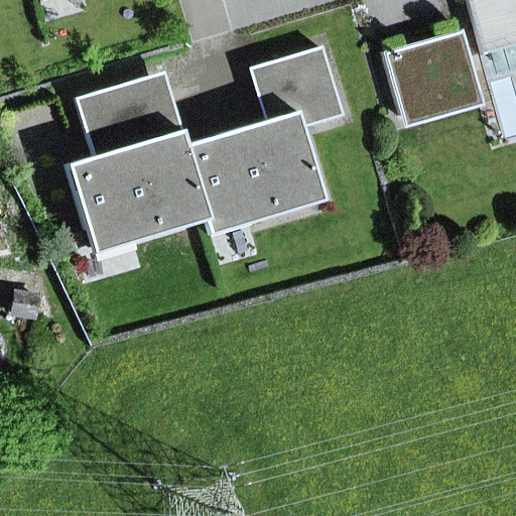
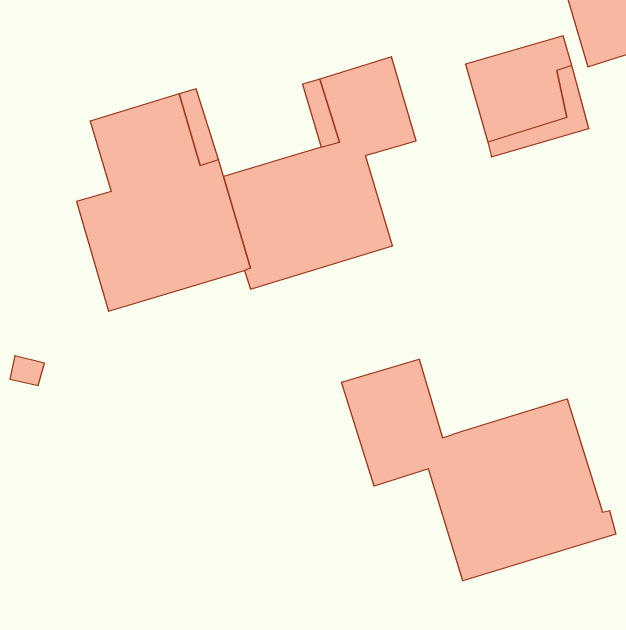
building: none -> [342,359,616,581]

